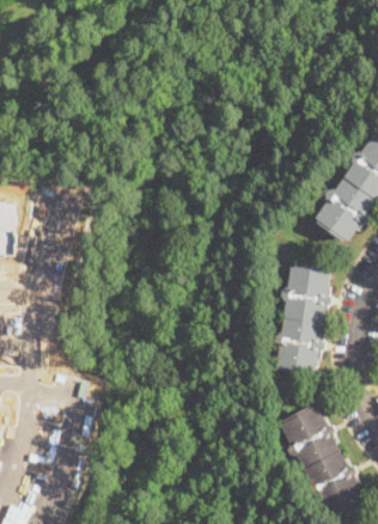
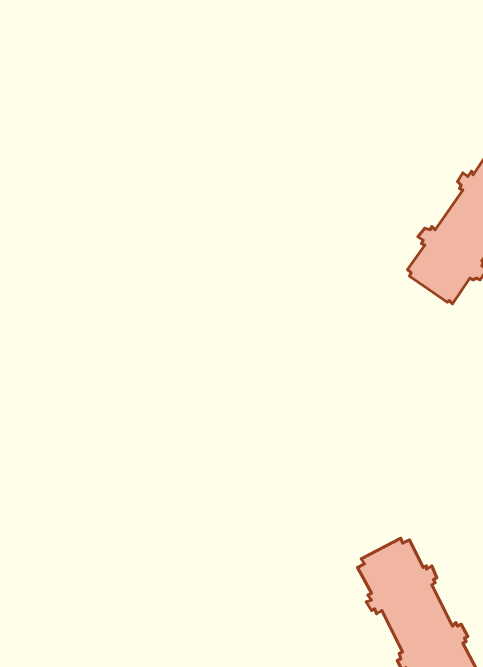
building: [274,264,331,376] -> none

